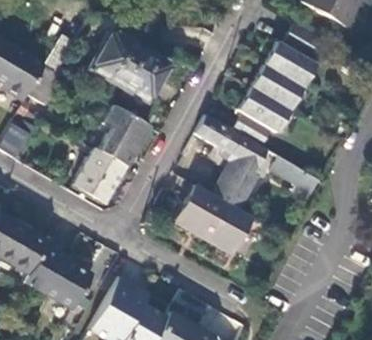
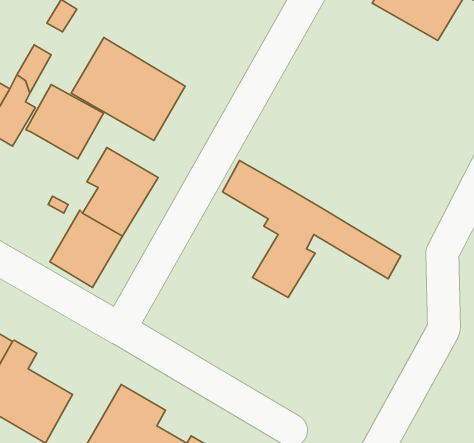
building: [235,25,325,147] -> none
building: none -> [26,85,103,159]
building: [175,184,253,254] -> none

